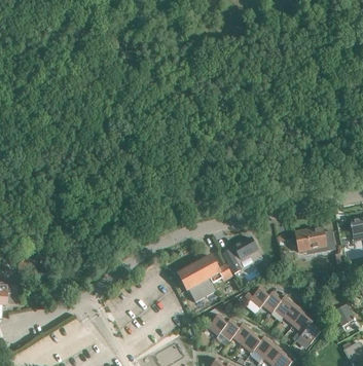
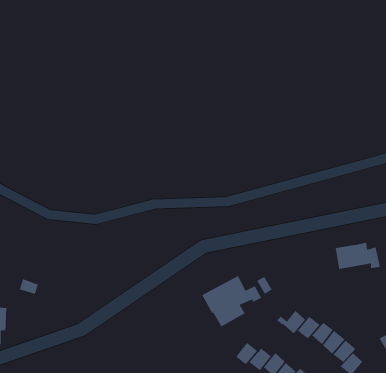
building: [232,237,263,264] -> none

